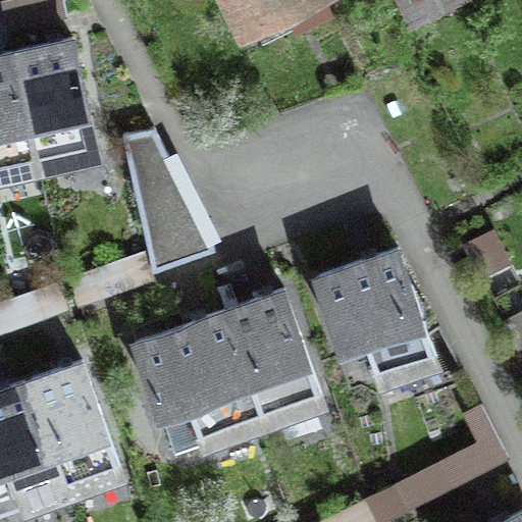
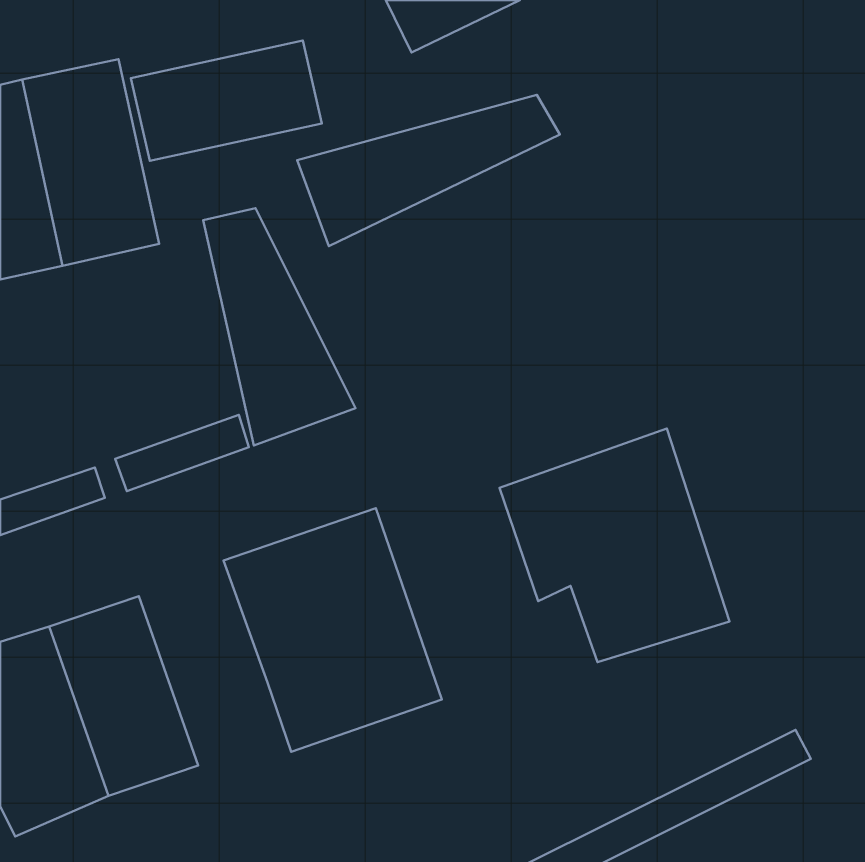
building: none -> [131,41,322,161]
building: none -> [297,95,560,246]
building: [226,288,325,423] -> none

